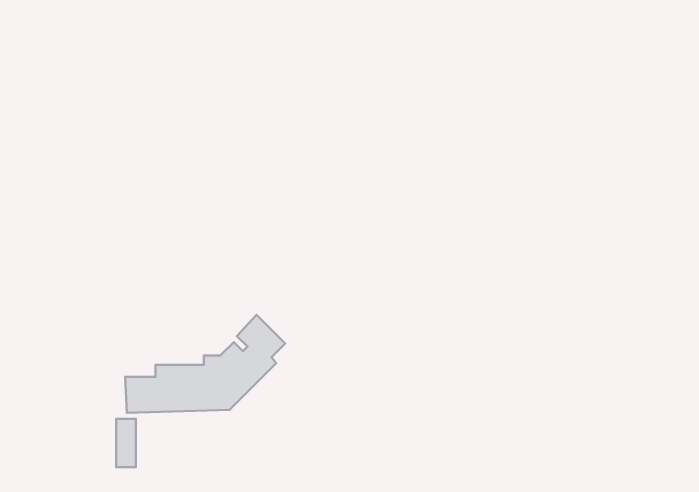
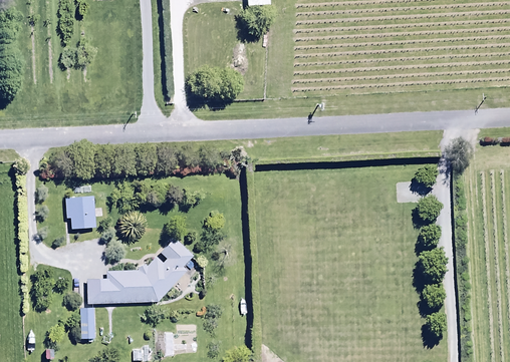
building: none -> [65,196,96,229]

